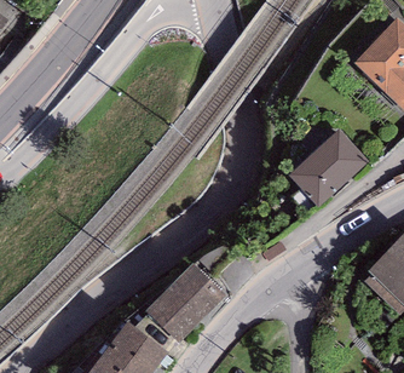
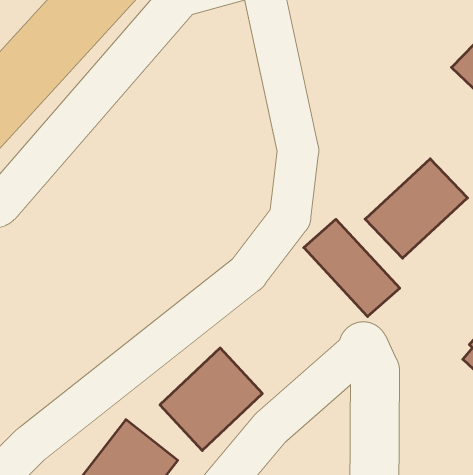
building: none -> [304,219,400,317]

